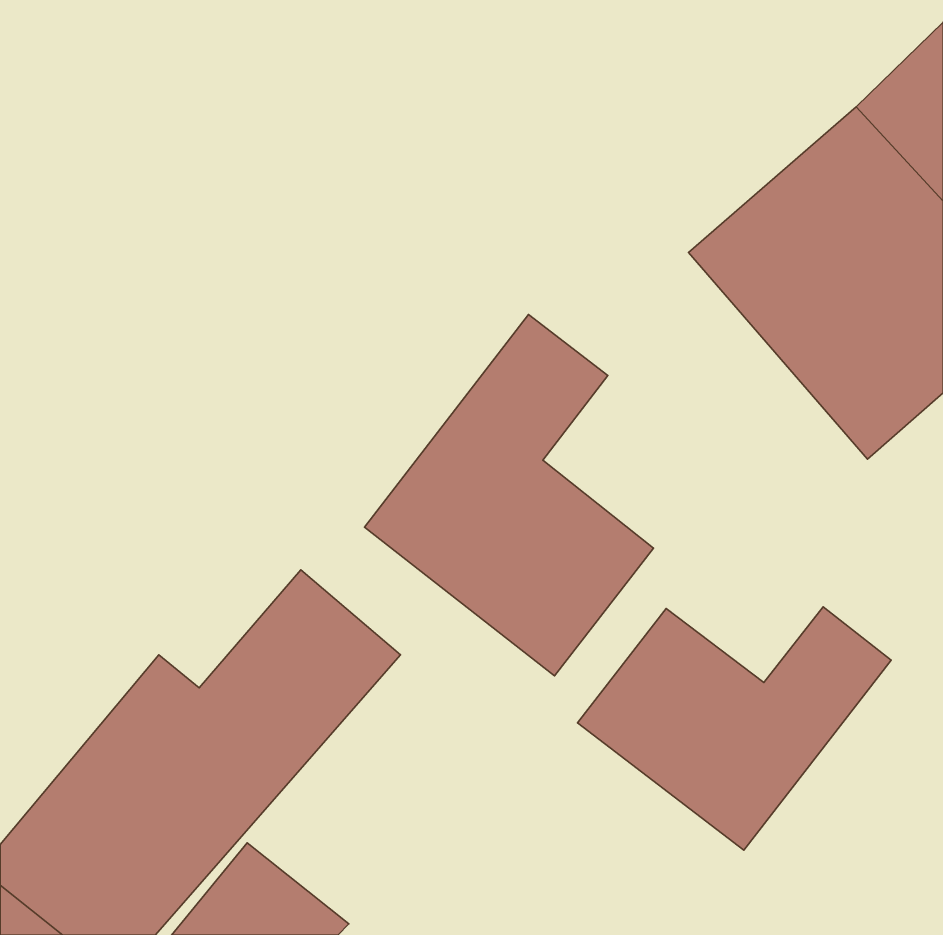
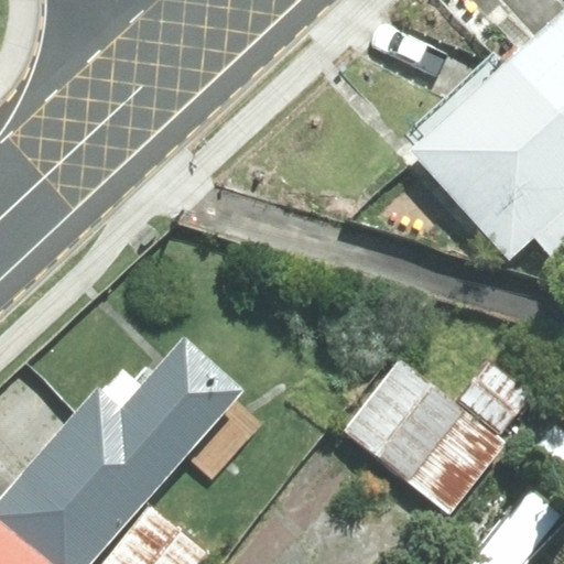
building: [364,315,653,676] -> none

